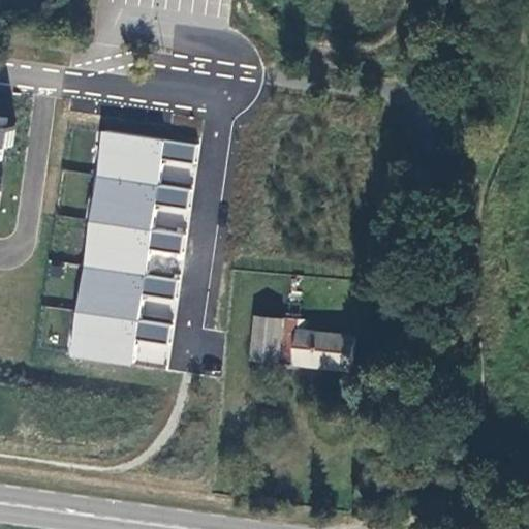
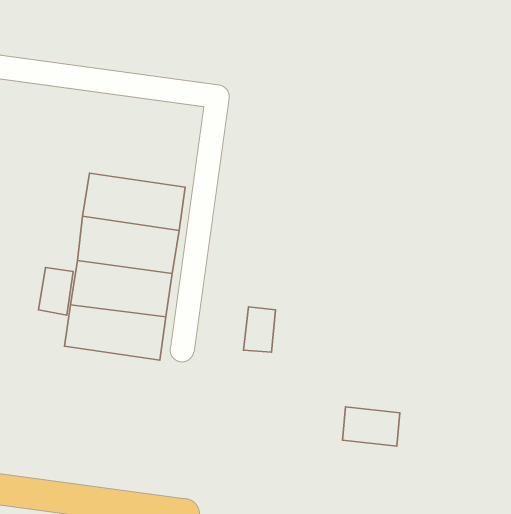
building: [92,132,196,192] -> none
building: none -> [39,267,73,315]
building: [294,330,353,370] -> [343,407,400,446]

